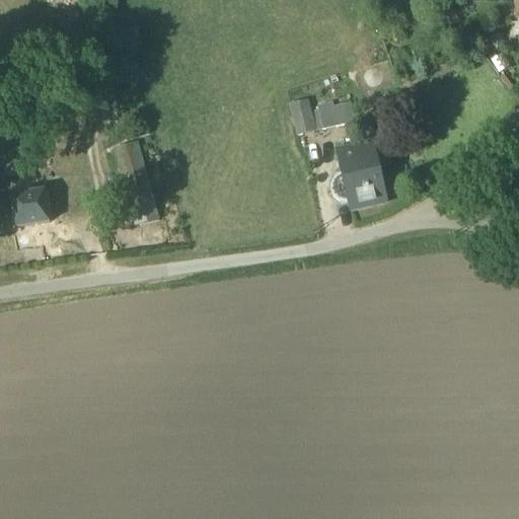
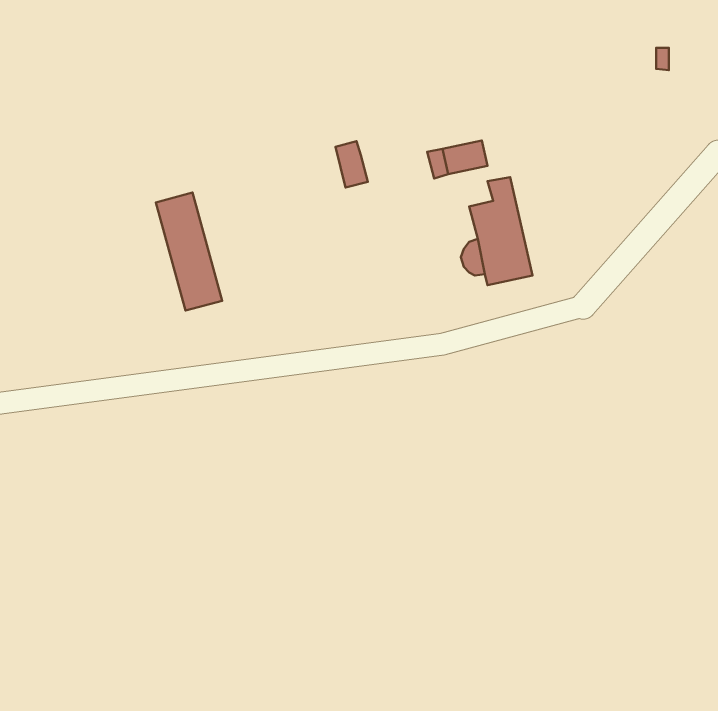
building: [290,99,313,133] -> [336,141,368,188]
building: [12,189,51,226] -> none

